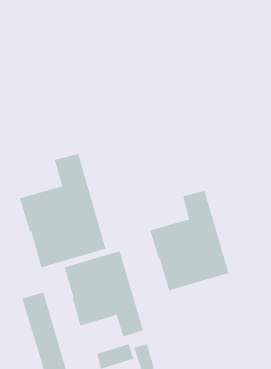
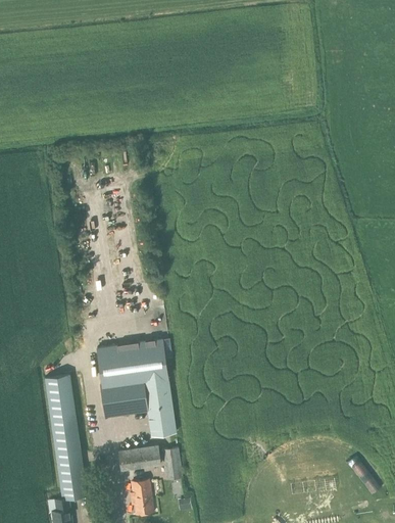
building: [19,153,106,268] -> none
building: [150,190,229,291] -> none

